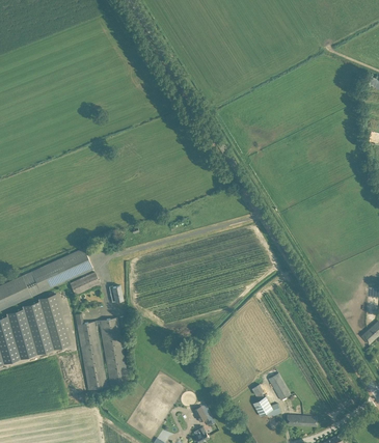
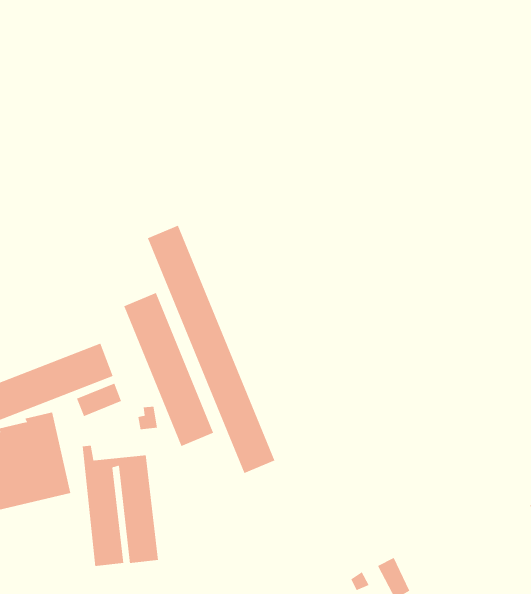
building: none -> [147,225,275,474]
building: none -> [123,292,214,447]

